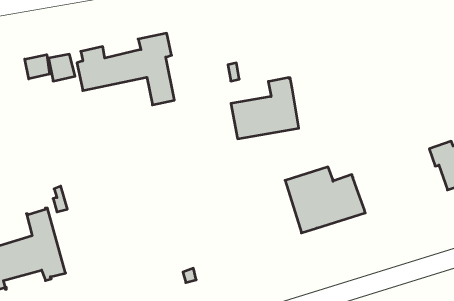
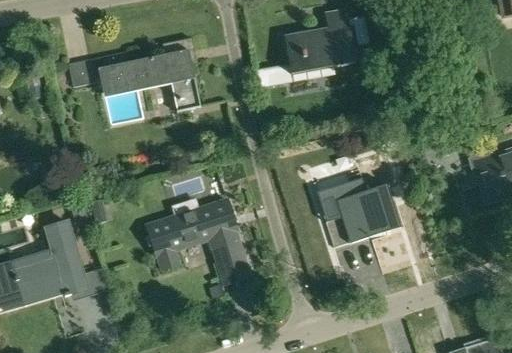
building: [25,55,50,79] -> none
building: [231,78,299,139] -> [285,9,356,73]
building: none -> [146,199,251,284]

